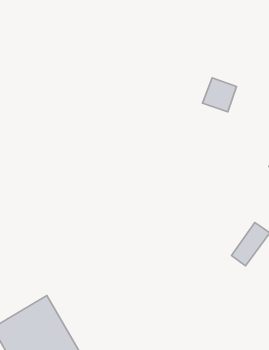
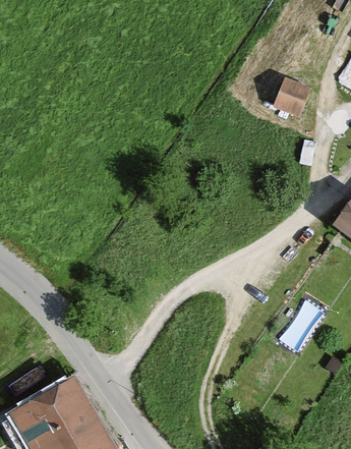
building: [203,78,237,112] -> [270,76,309,116]

